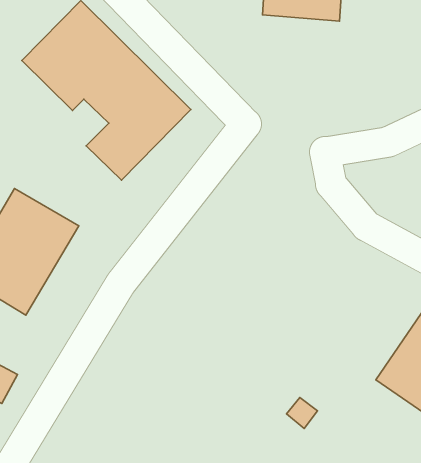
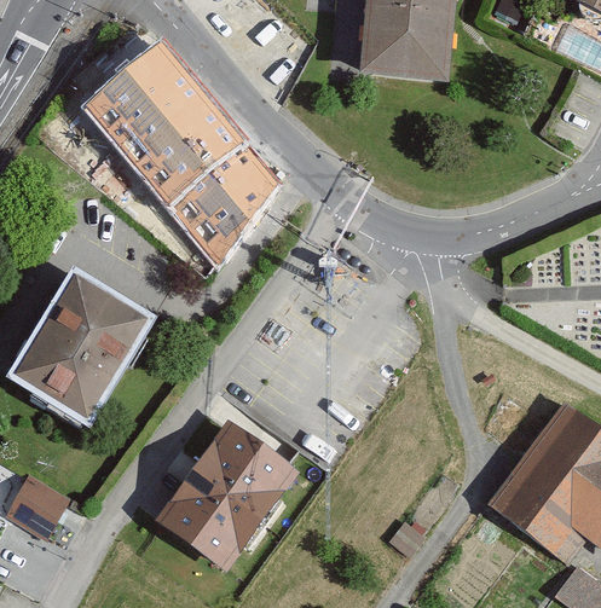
building: none -> [156,421,297,571]

